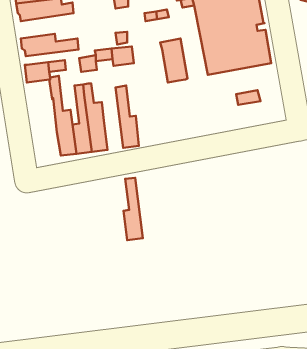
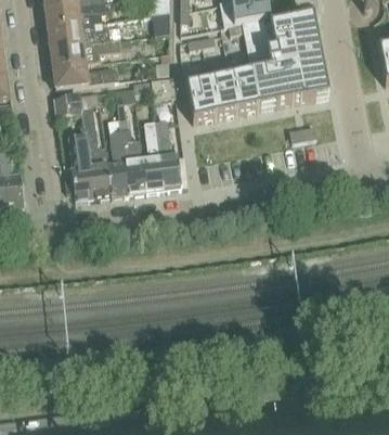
building: none -> [50,38,122,67]
building: none -> [229,64,259,112]
building: none -> [186,79,215,120]
building: none -> [65,133,95,200]
building: [123,178,143,240] -> [143,121,165,191]

